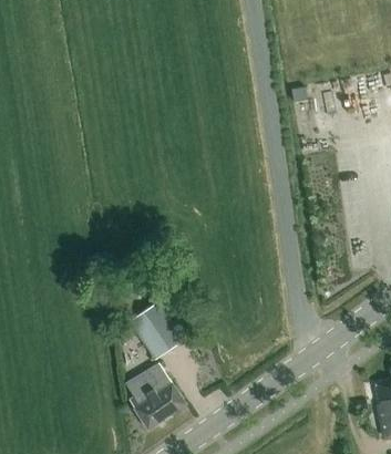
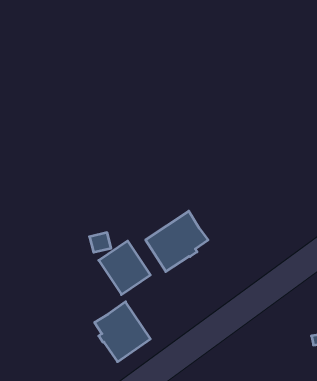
building: none -> [146,211,208,272]

